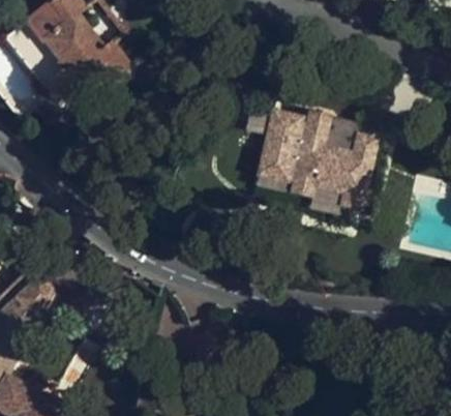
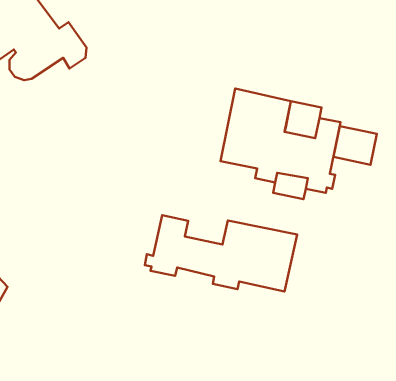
building: none -> [333,126,377,165]
building: none -> [145,215,297,292]

